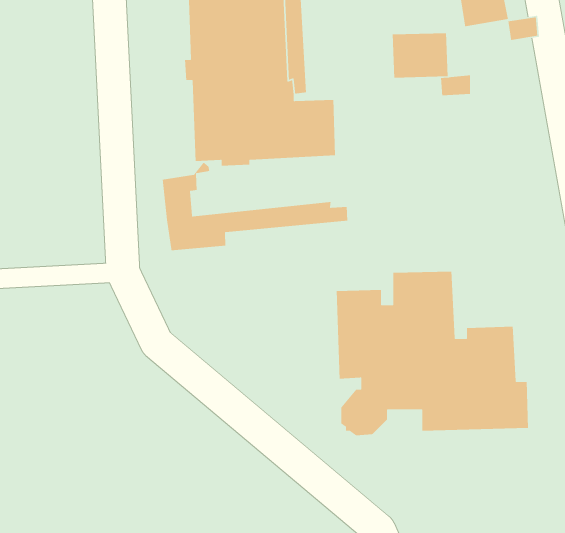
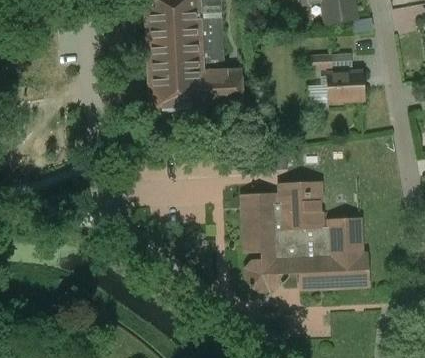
building: [392,32,449,78] -> [328,71,365,101]
building: [162,161,348,251] -> none

